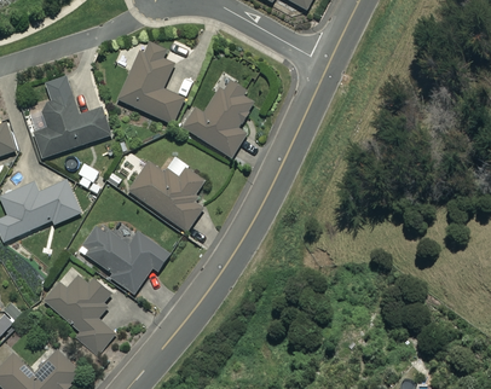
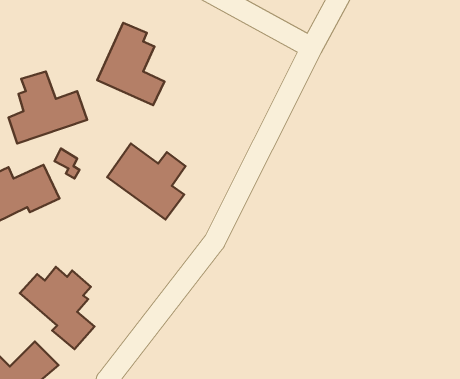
building: [184,72,254,156] -> none
building: [82,225,171,292] -> none

